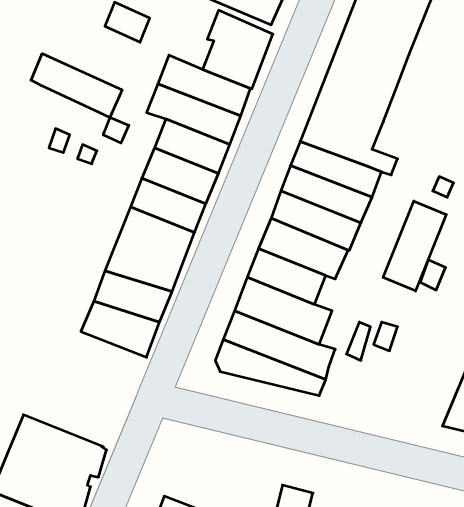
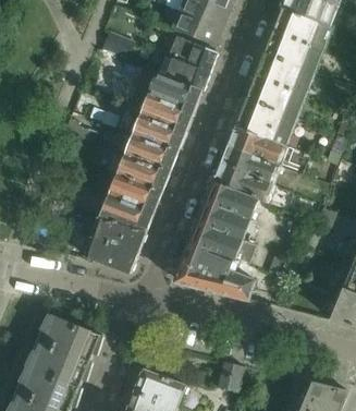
building: [31,54,122,117] -> none
building: [383,201,446,291] -> none

